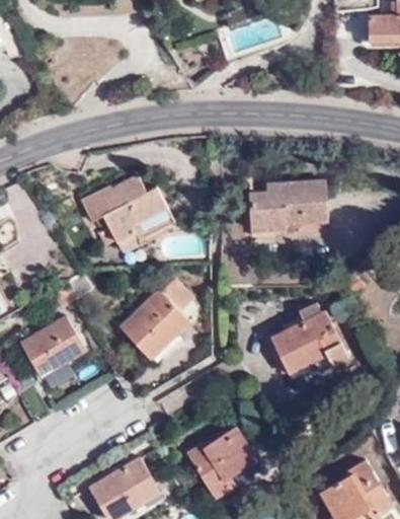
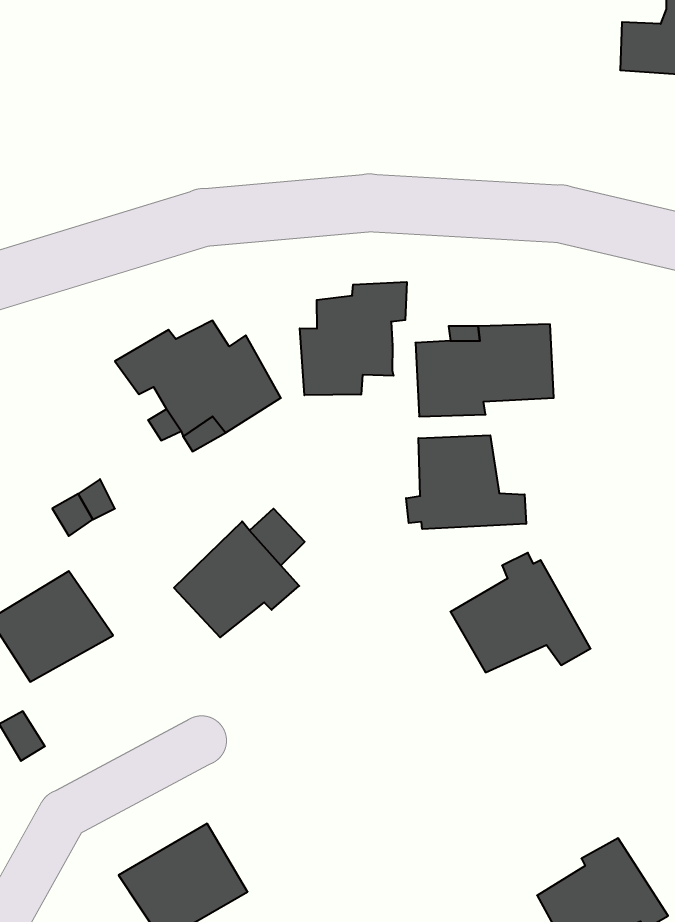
building: none -> [300,282,407,395]
building: none -> [406,435,526,529]
building: [185,428,256,498] -> none

